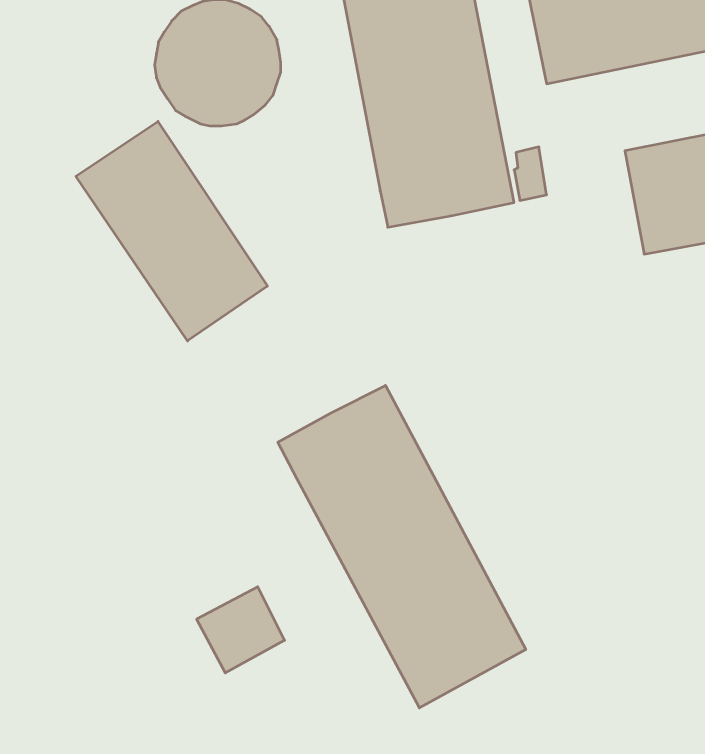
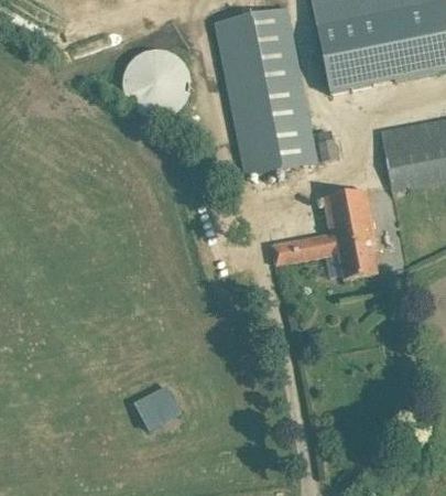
building: [76,121,267,341] -> none
building: none -> [271,187,377,279]
building: [278,385,526,708] -> none

